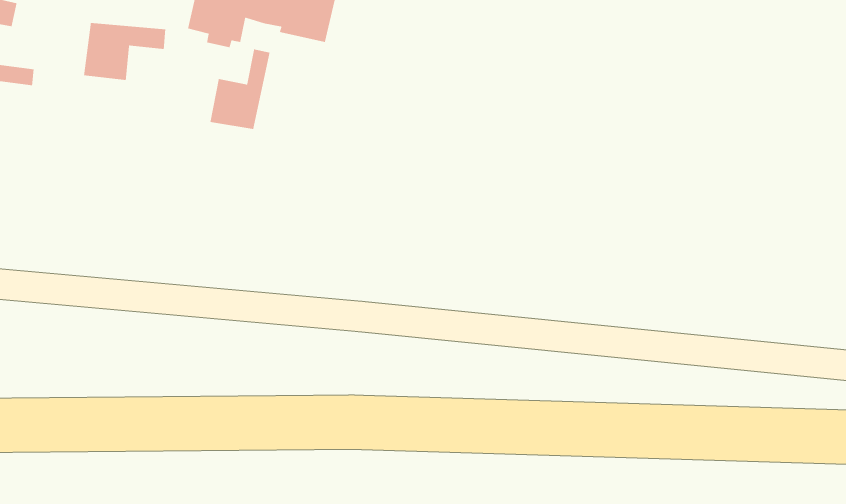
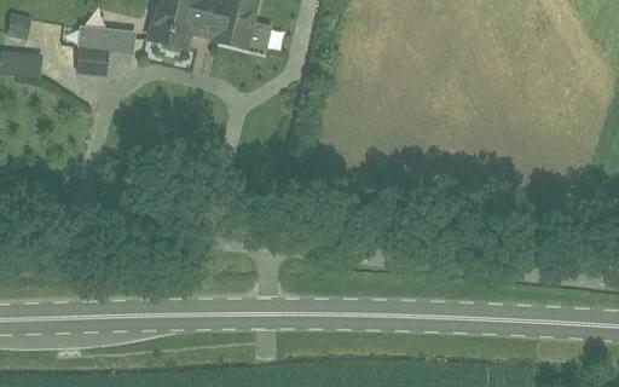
building: [210,48,271,130] -> none

